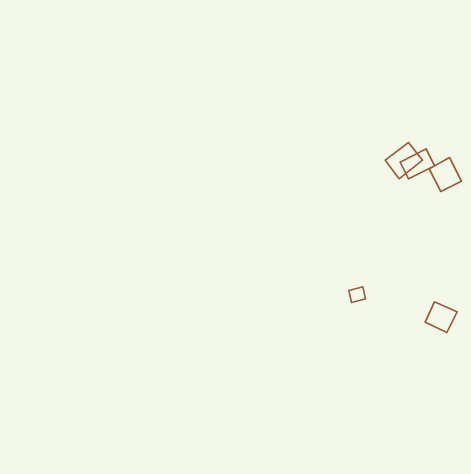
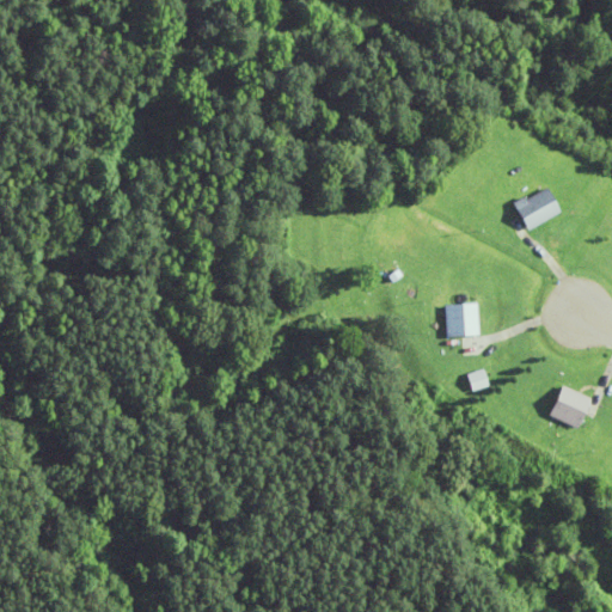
building: [429,158,461,191] -> none
building: none -> [447,304,478,336]

